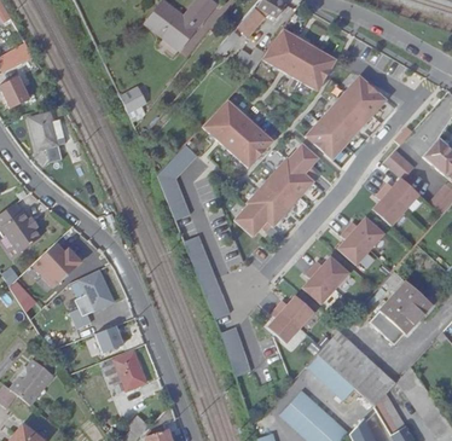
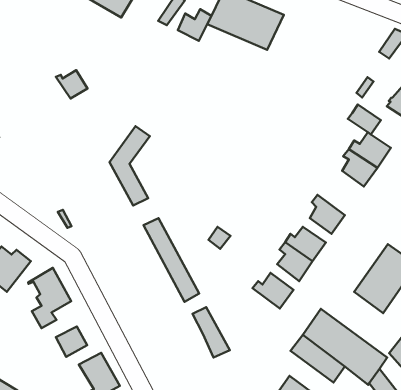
building: [311,77,388,157] -> none
building: [207,103,274,168] -> none
building: [241,141,324,232] -> none
building: [349,217,387,250] -> none
building: [270,307,302,344] -> none

